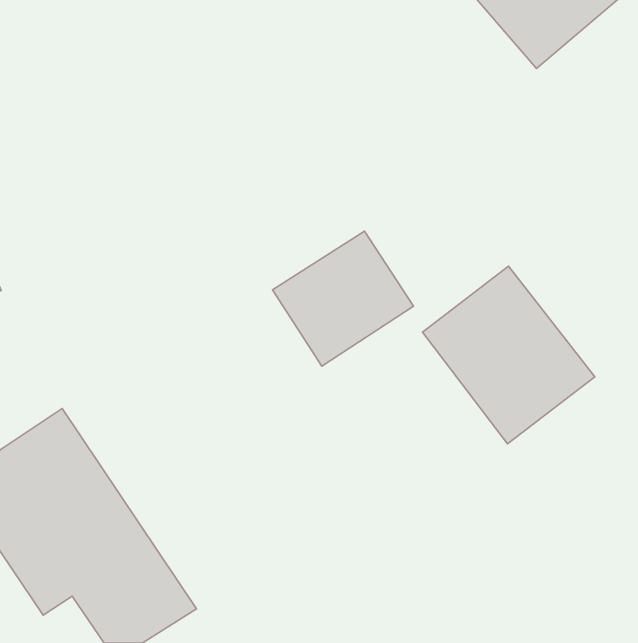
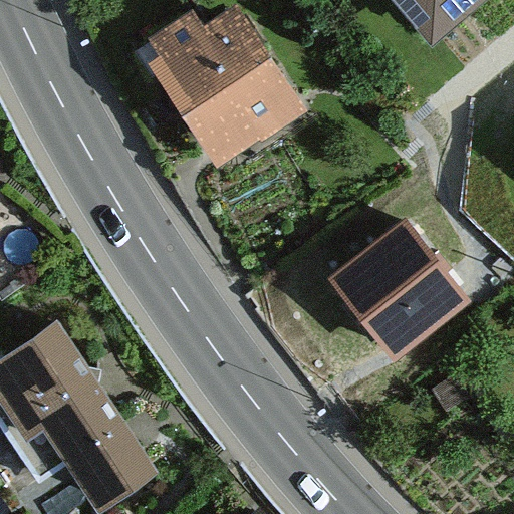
building: none -> [140,11,305,165]
building: [272,231,413,366] -> none

